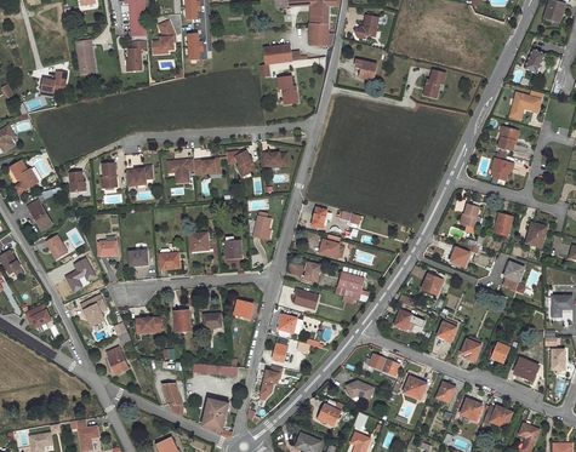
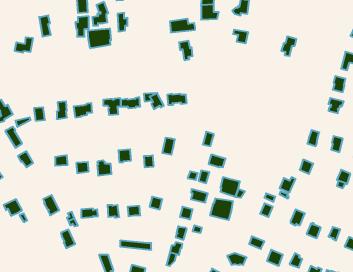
building: none -> [88,28,111,48]
building: [64,257,95,291] -> none
building: none -> [210,198,233,220]

